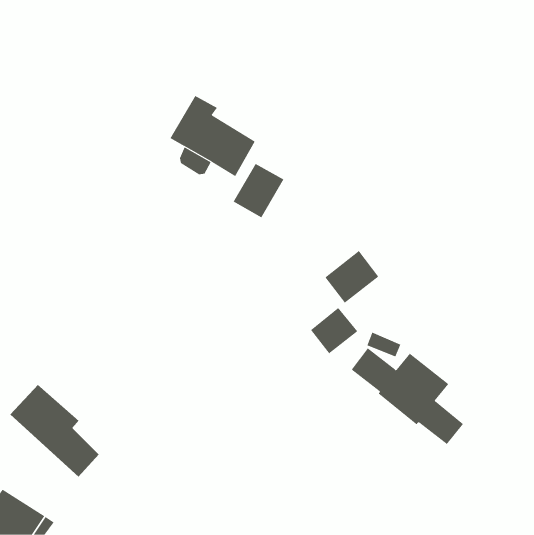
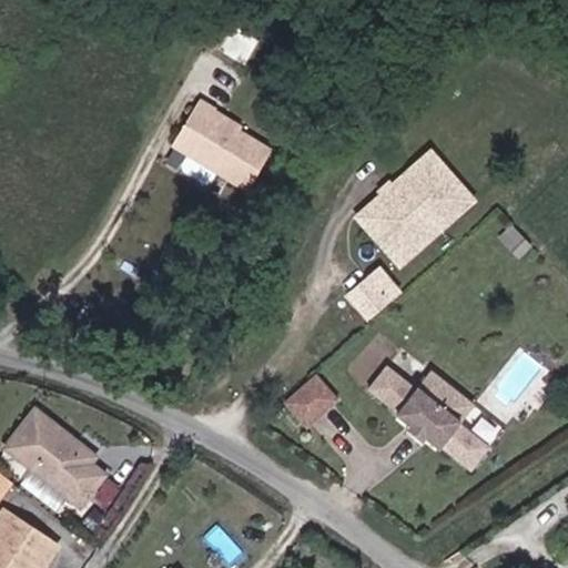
building: none -> [353,148,475,266]
building: [233,163,284,218] -> none
building: [310,307,358,354] -> [285,375,336,425]

